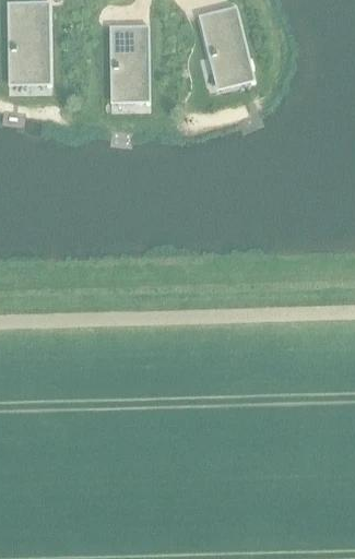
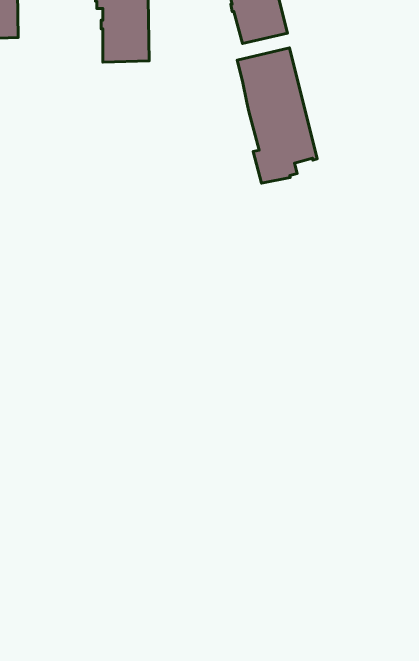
building: none -> [237,48,317,183]

